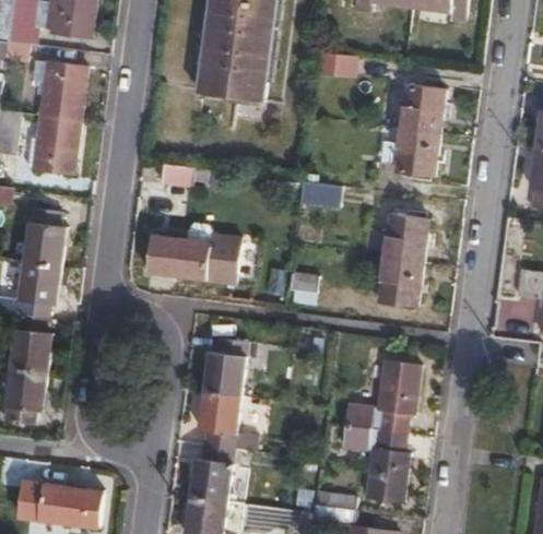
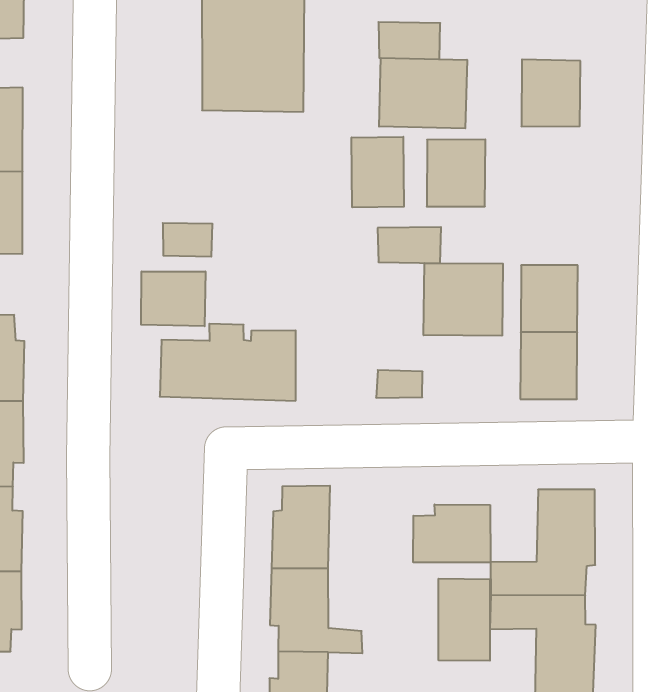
building: none -> [379,58,467,128]
building: none -> [352,137,404,207]
building: [394,128,437,175] -> [427,139,485,207]
building: none -> [141,271,205,326]
building: none -> [424,263,503,336]
building: none -> [413,504,490,562]
building: none -> [439,579,490,661]

